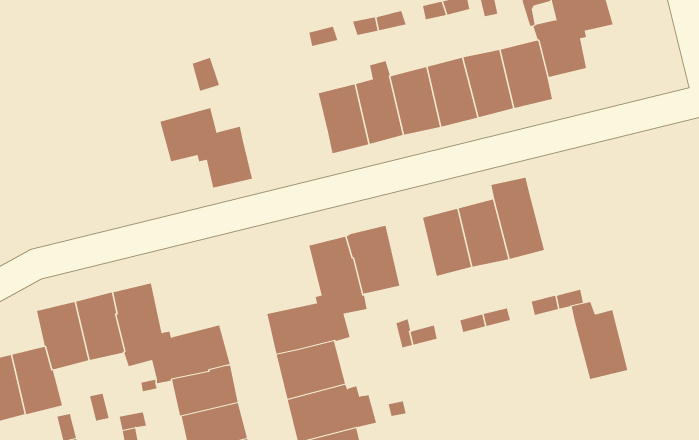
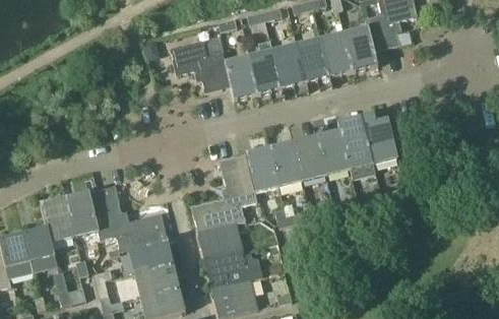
building: [159,107,253,188] -> [170,40,231,92]
building: none -> [269,142,302,187]
building: [571,302,628,379] -> [361,113,398,164]

